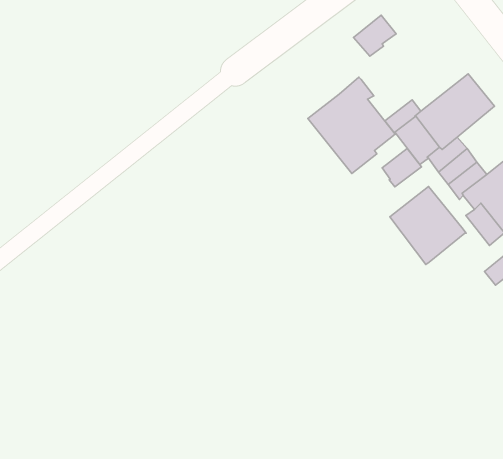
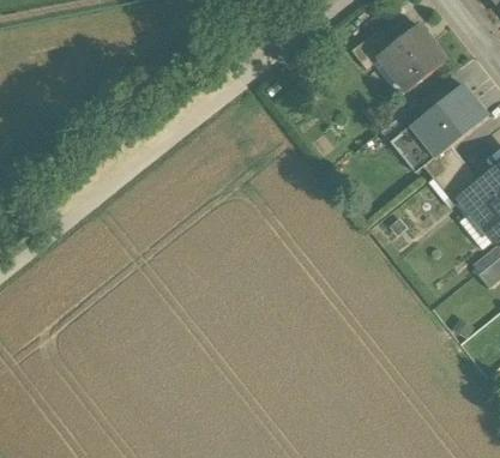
building: none -> [384,23,445,86]
building: [308,77,395,173] -> none
building: [382,148,421,187] -> none
building: [390,187,466,264] -> none

